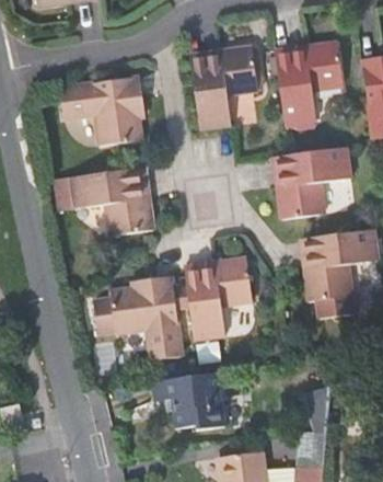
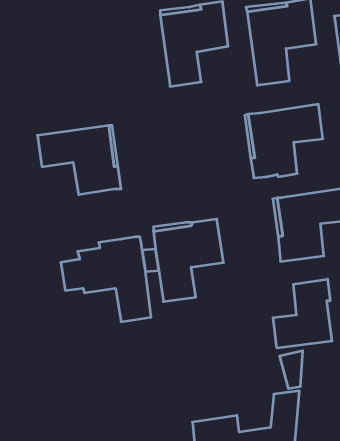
building: [59,77,143,146] -> none
building: none -> [273,279,332,348]
building: [160,374,225,433] -> none

